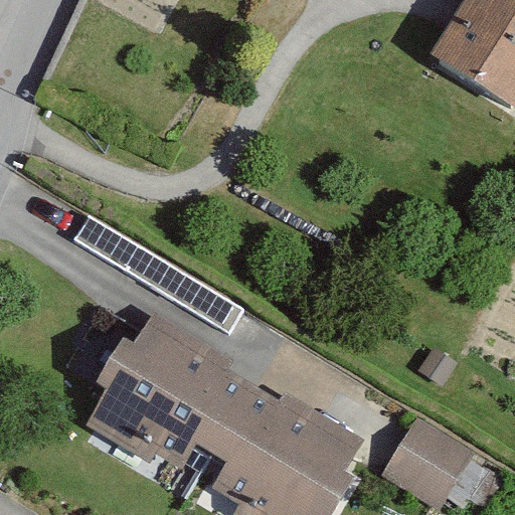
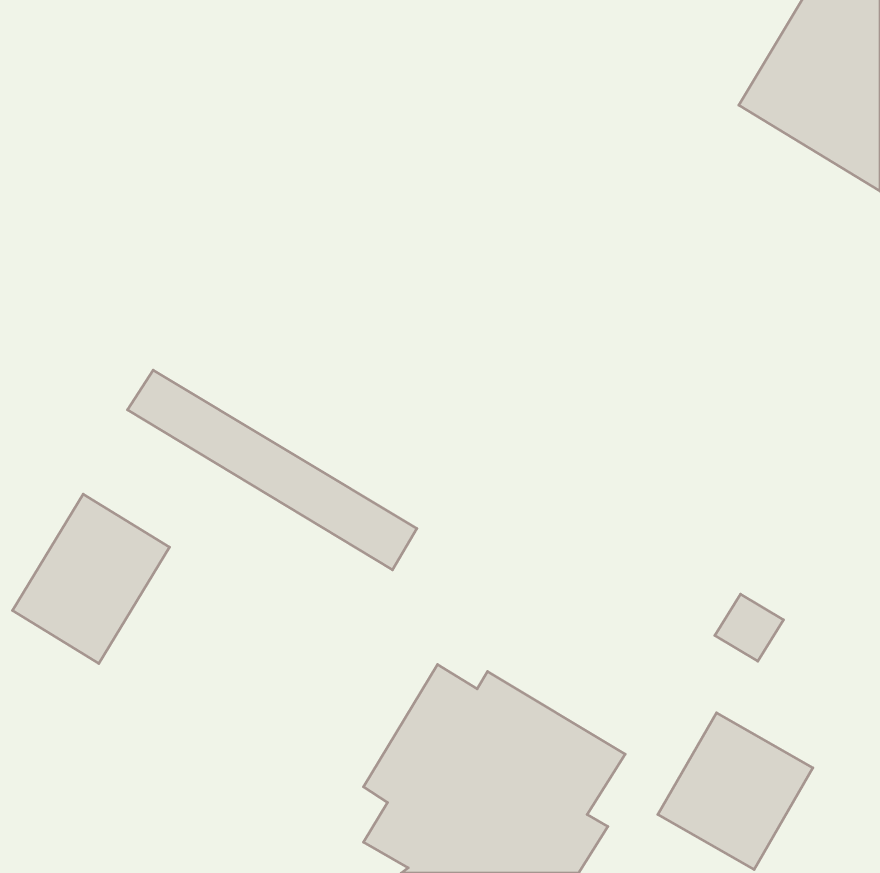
building: none -> [13,494,169,663]
building: [87,313,255,472] -> none

